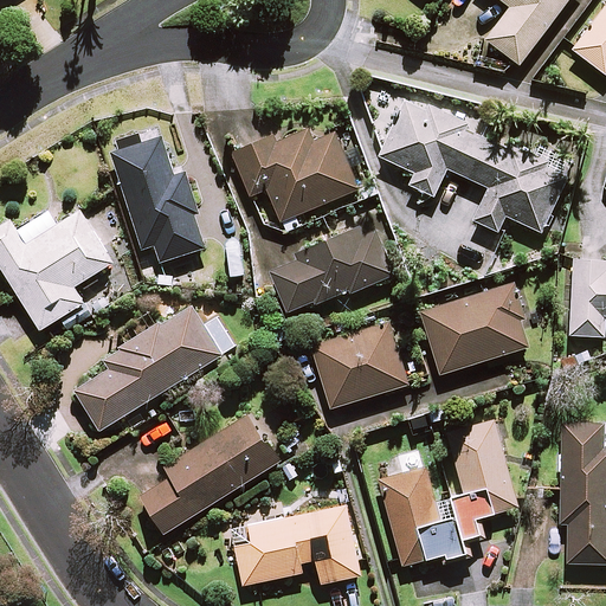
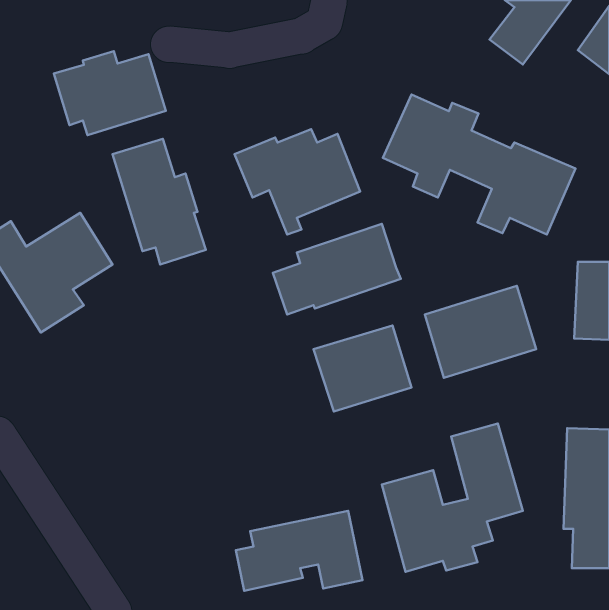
building: none -> [54,51,166,135]
building: [75,305,223,431] -> none
building: [141,413,278,534] -> none

